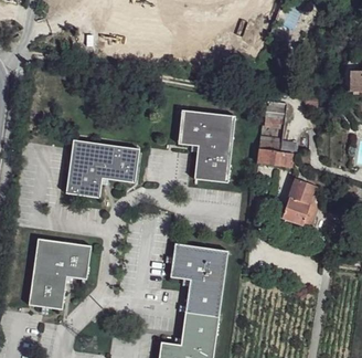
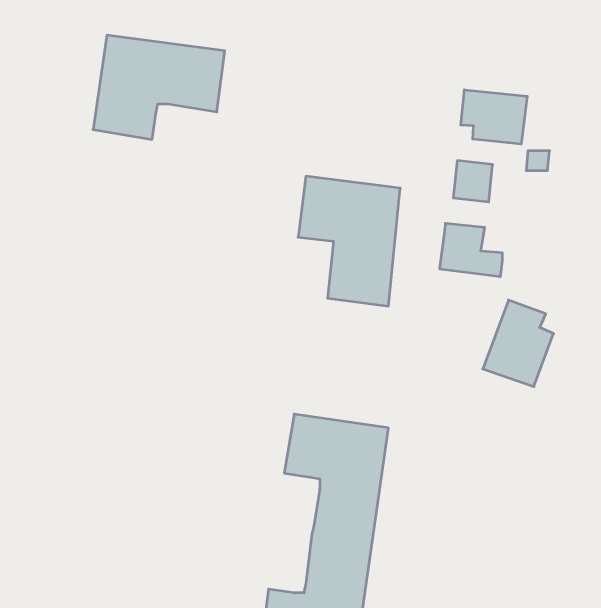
building: none -> [461,90,527,144]
building: [65,139,139,198] -> [93,35,225,139]
building: [28,238,91,308] -> none

